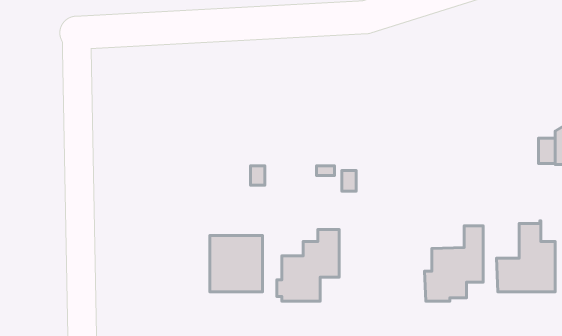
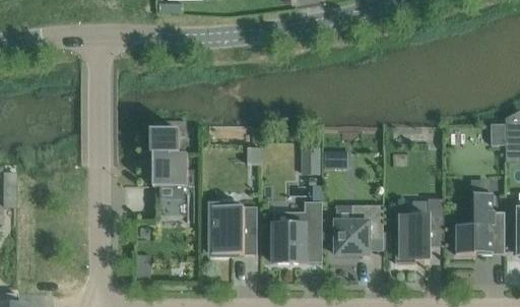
building: none -> [124,129,194,221]
building: none -> [335,204,383,253]

